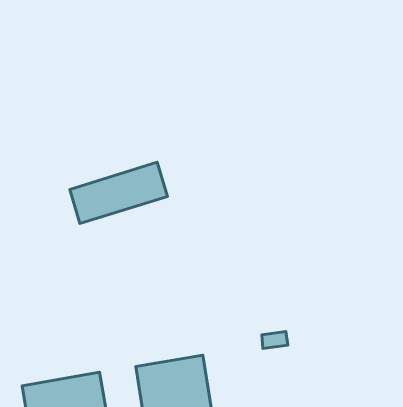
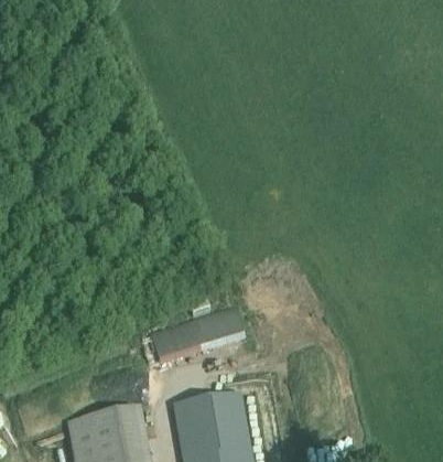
building: [70,162,167,224] -> [148,304,242,364]

